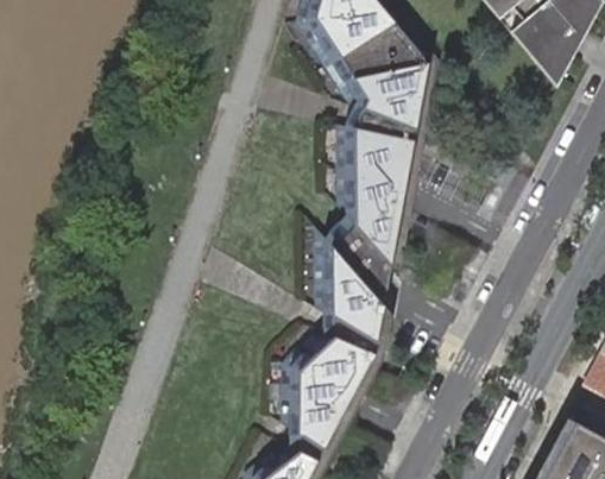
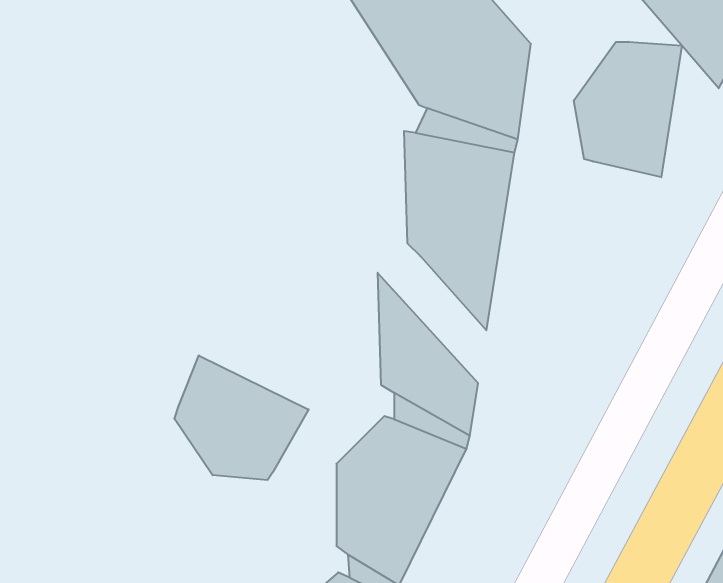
building: none -> [574,42,682,177]
building: [326,210,393,302] -> none
building: none -> [174,355,309,480]

